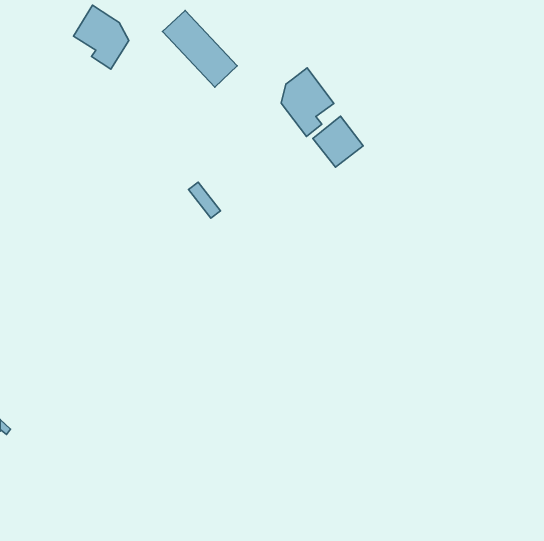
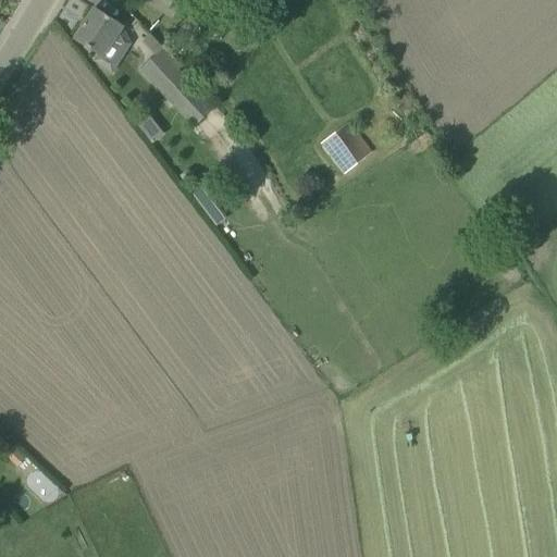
building: [163,10,237,87] -> [139,47,215,125]
building: [281,68,334,136] -> none

